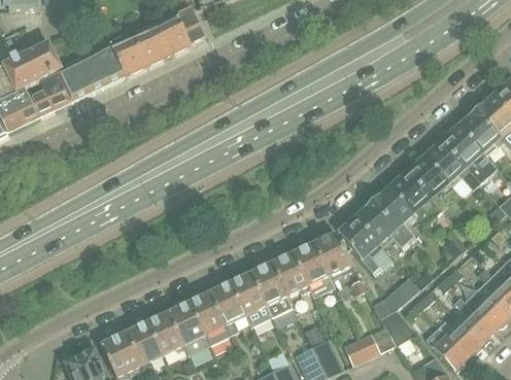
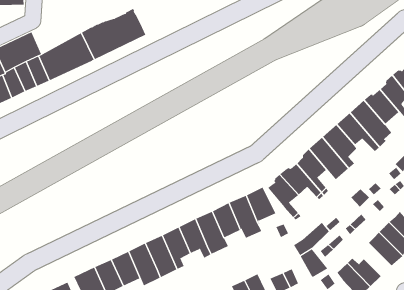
building: [176,7,206,45] -> none
building: [458,302,493,343] -> none

